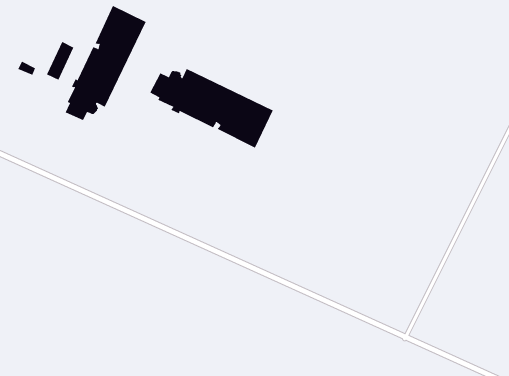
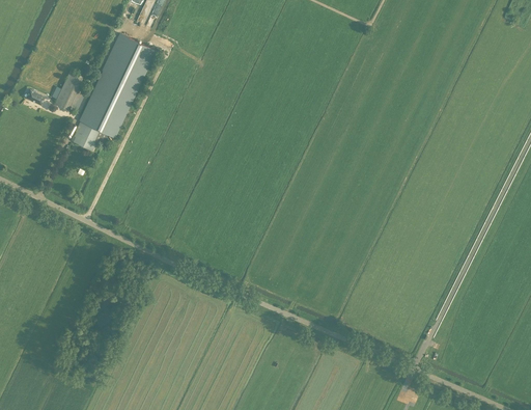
building: [150,68,273,149] -> none

